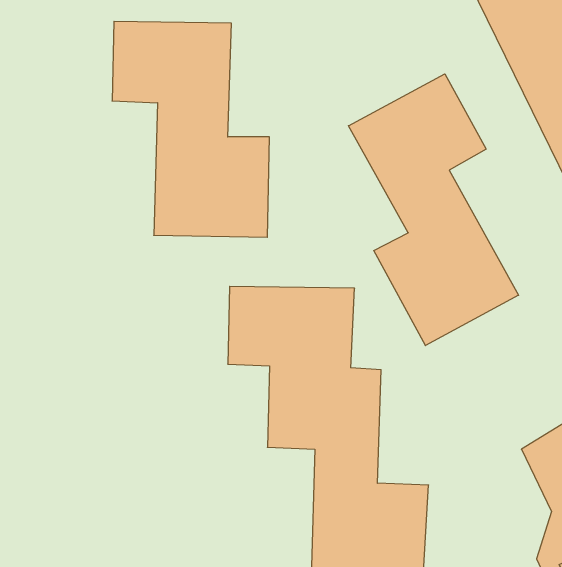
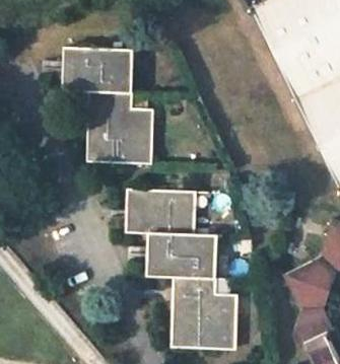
building: [348,74,519,346] -> none

